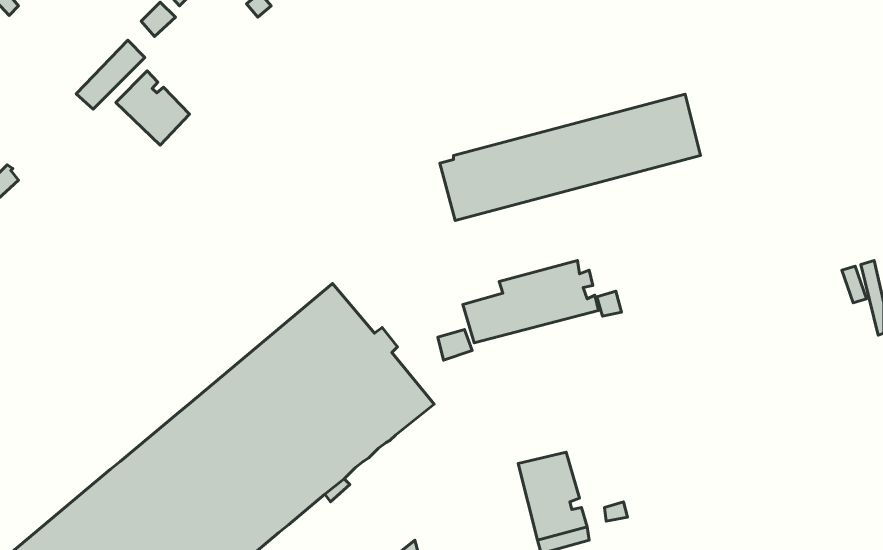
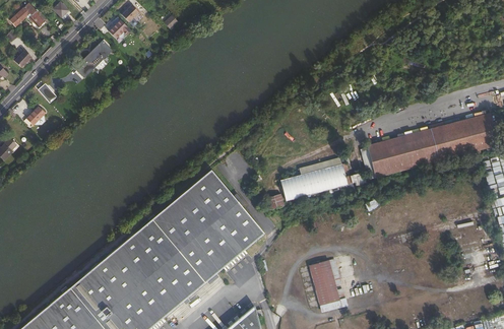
building: [116,71,189,145] -> none
building: [440,94,700,221] -> [360,113,498,180]

